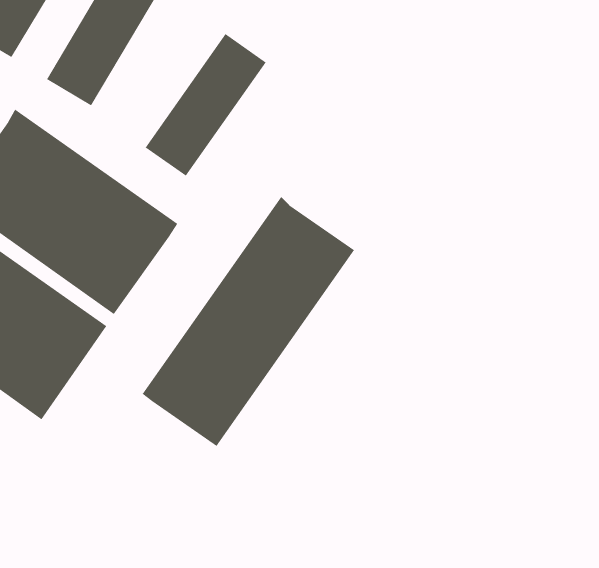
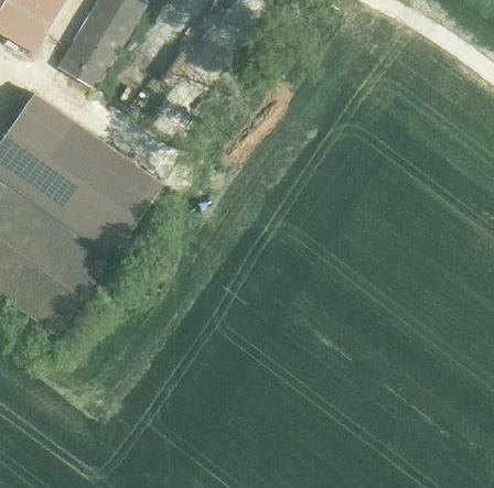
building: [145,33,266,177] -> none
building: [142,196,355,447] -> none

